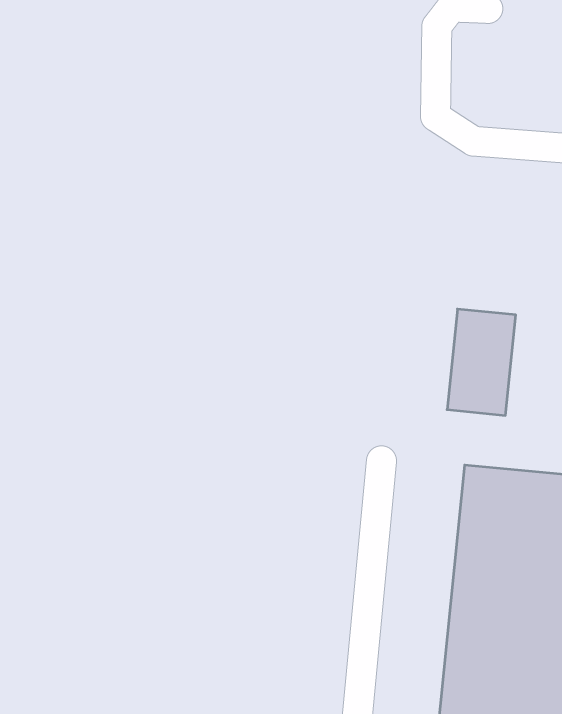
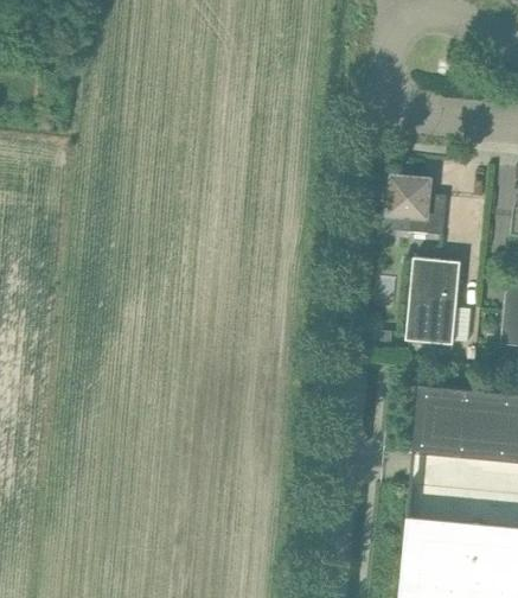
building: none -> [382,176,446,234]

